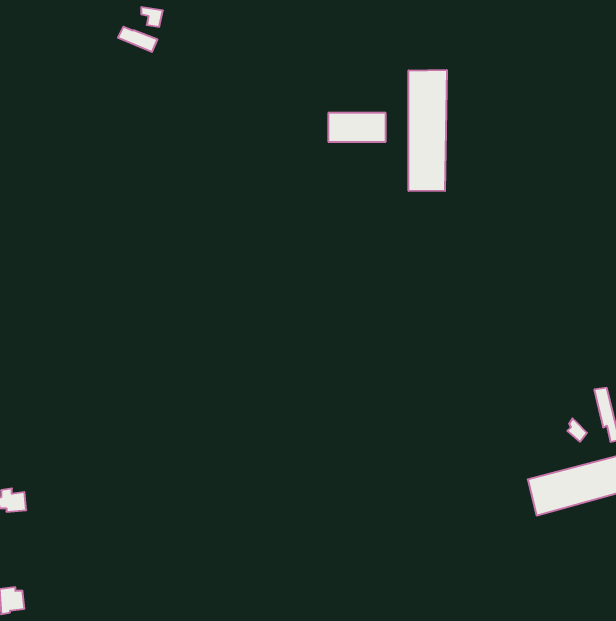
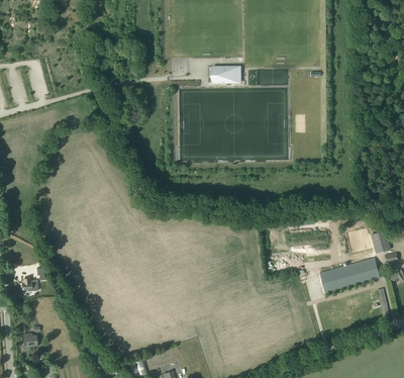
building: [409,70,447,191] -> none

